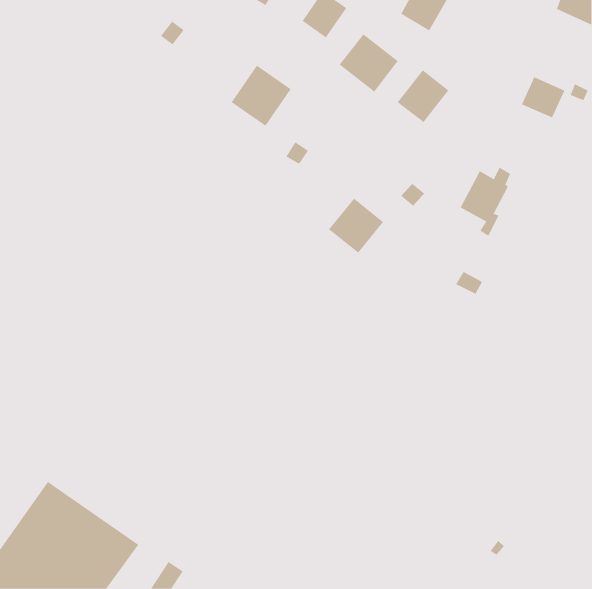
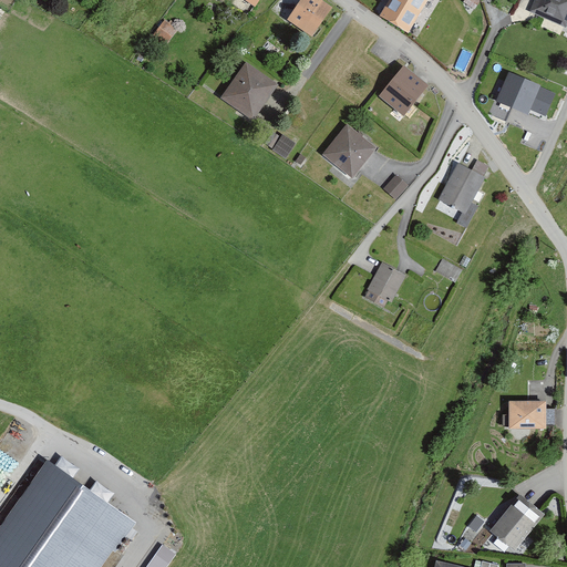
building: [339,33,399,93] -> none
building: [328,198,384,253] -> [323,125,377,178]
building: none -> [368,261,405,305]
building: none -> [508,400,545,429]
building: none -> [489,495,543,550]

